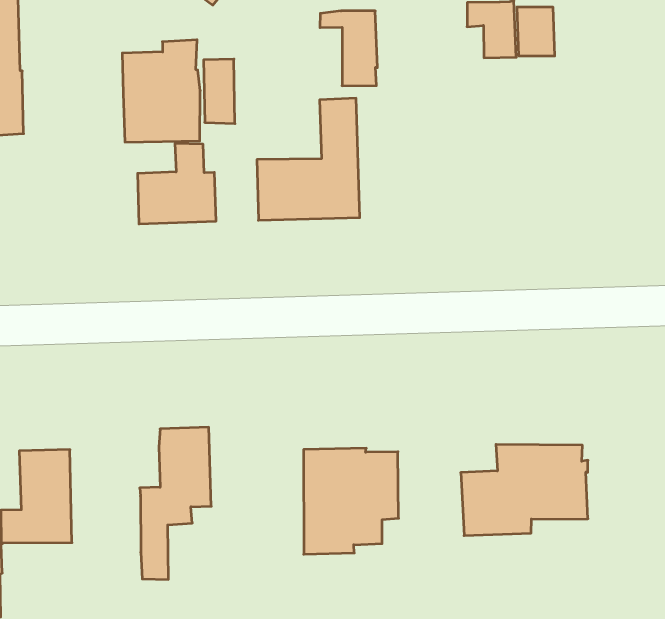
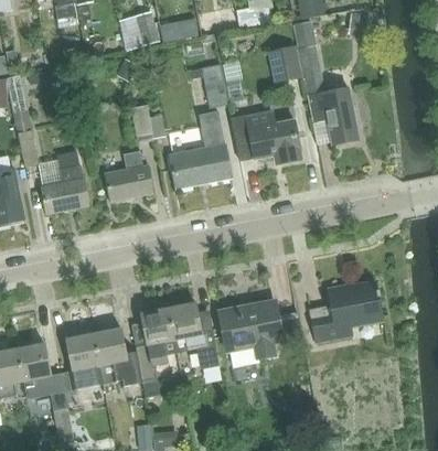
building: [122,40,200,142] -> [36,150,87,213]
building: none -> [308,87,357,144]
building: none -> [231,109,302,163]
building: none -> [168,301,220,367]
building: none -> [94,326,142,386]

